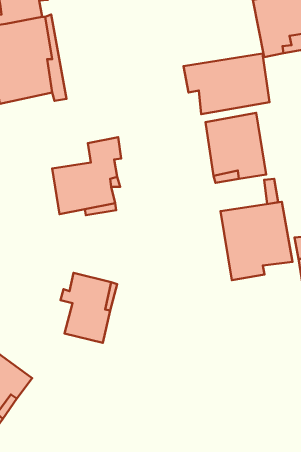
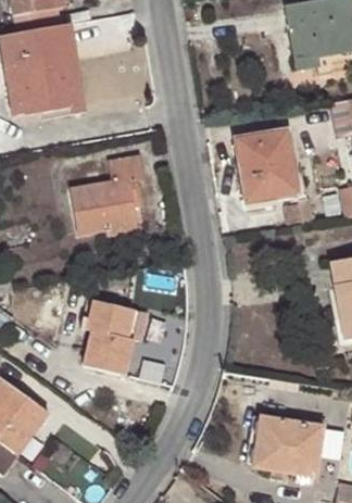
building: [184,53,270,114] -> none
building: [221,202,292,280] -> none
building: none -> [252,416,322,479]

